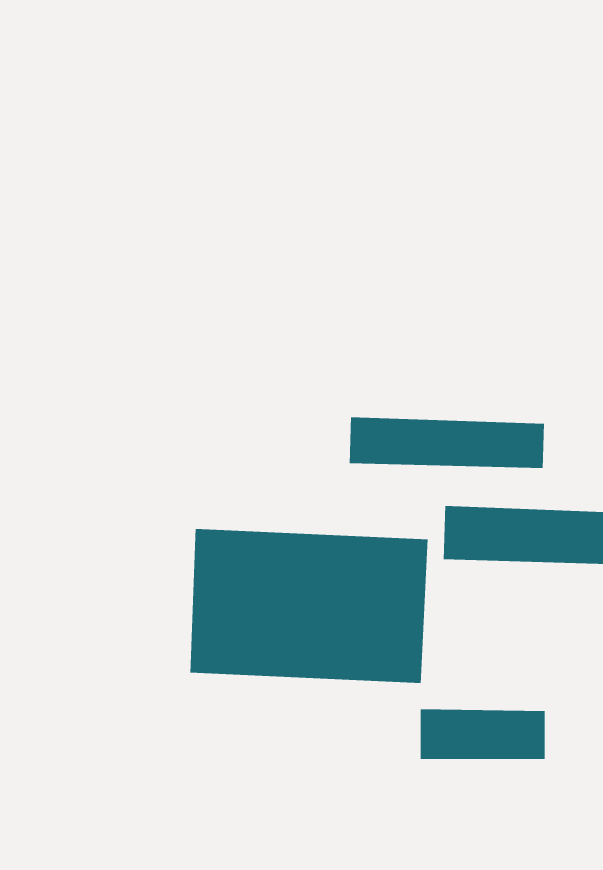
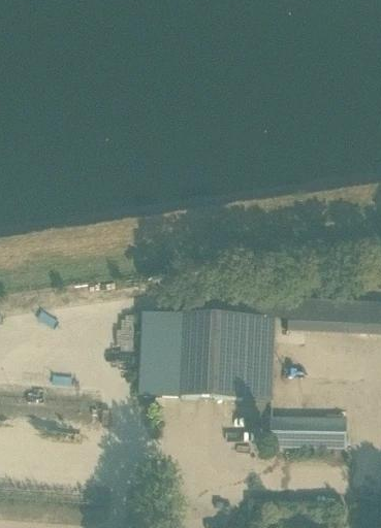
building: [349,417,545,469] -> none

